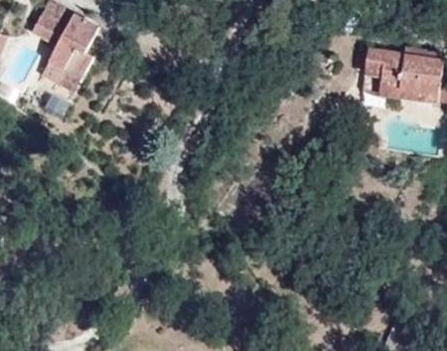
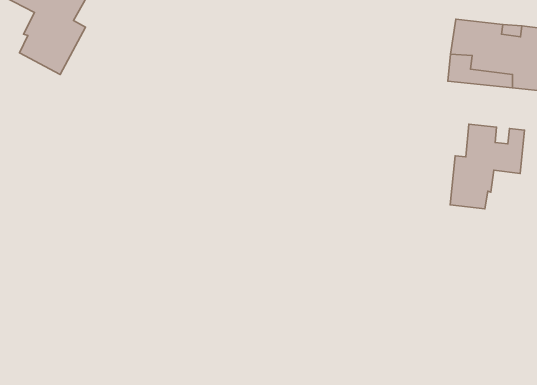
building: none -> [450,124,525,209]

